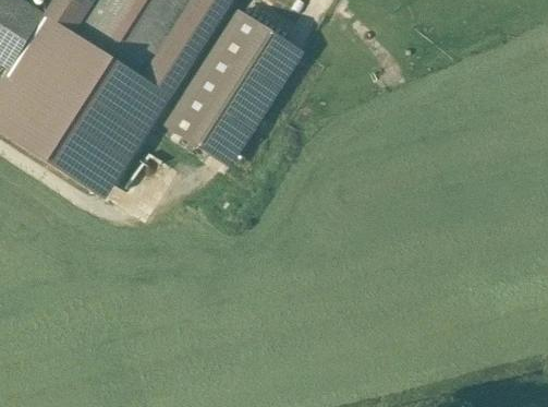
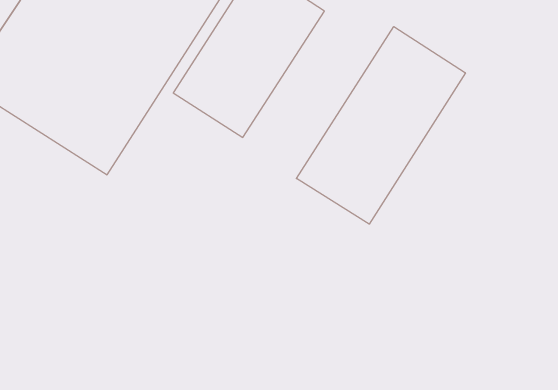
building: none -> [296,27,465,224]

